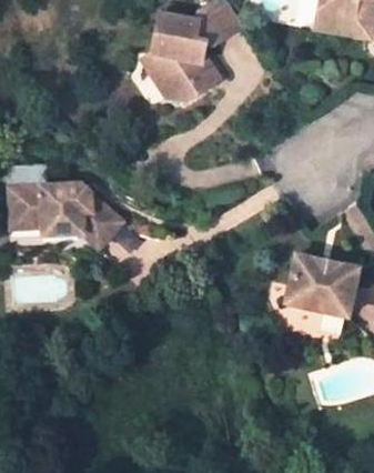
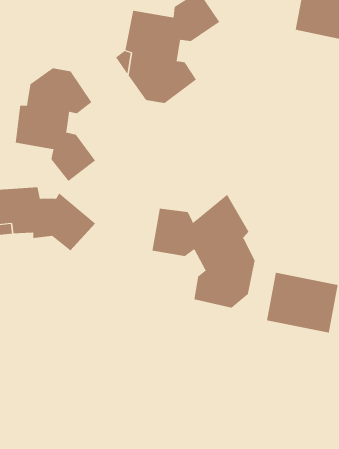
building: none -> [15,68,96,182]
building: none -> [152,194,255,309]

